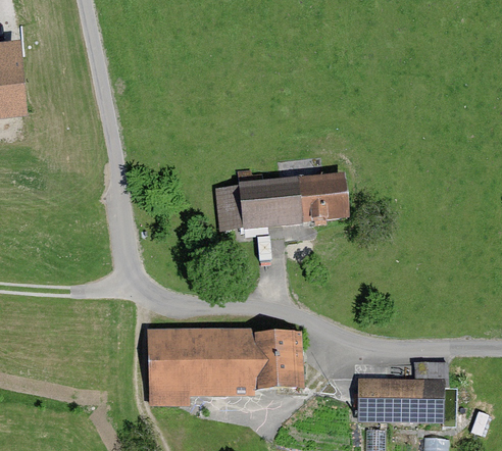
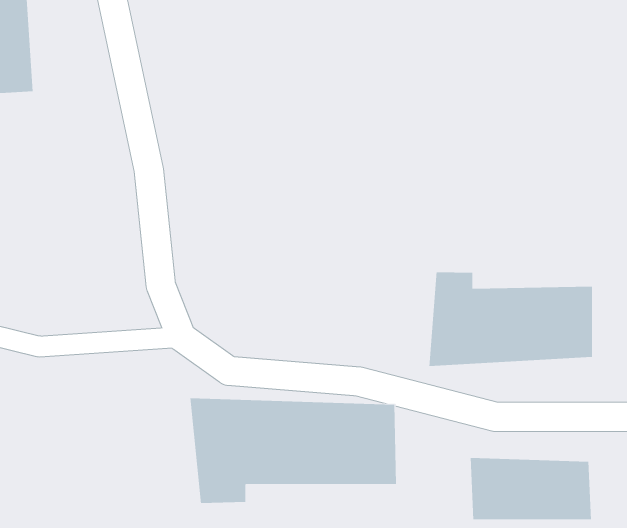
building: [213,172,347,229] -> none
building: none -> [429,272,592,367]

